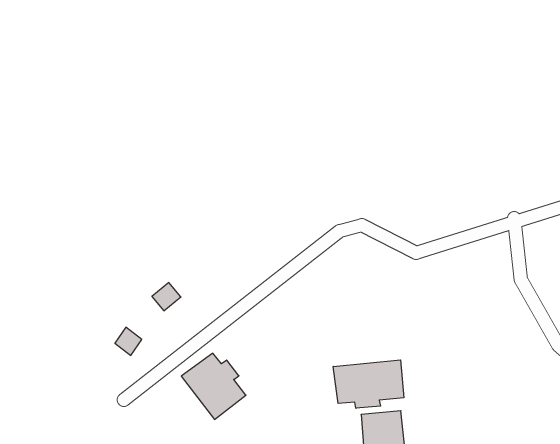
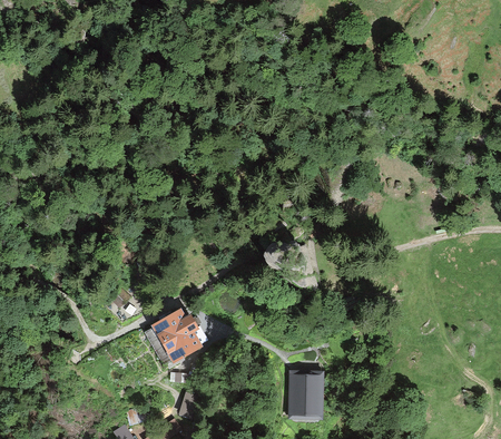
building: [333,360,404,408] -> none

